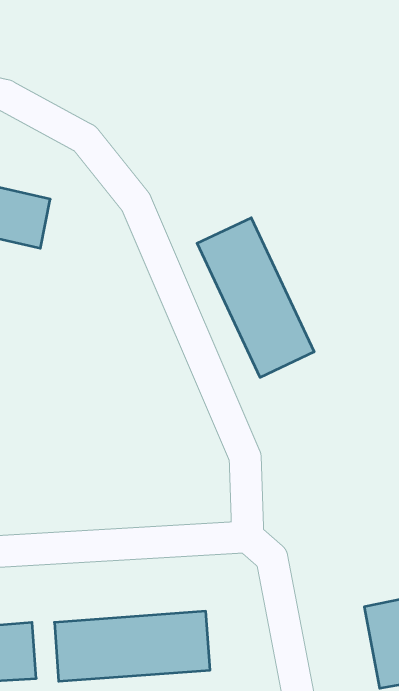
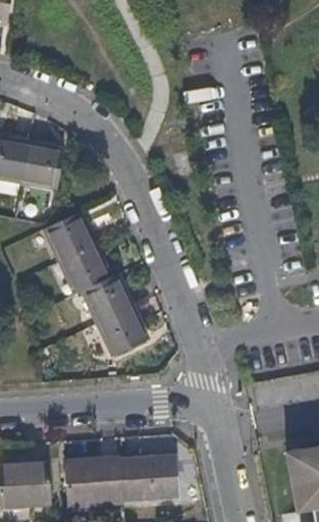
building: [197,218,314,377] -> none
building: none -> [44,213,146,357]

